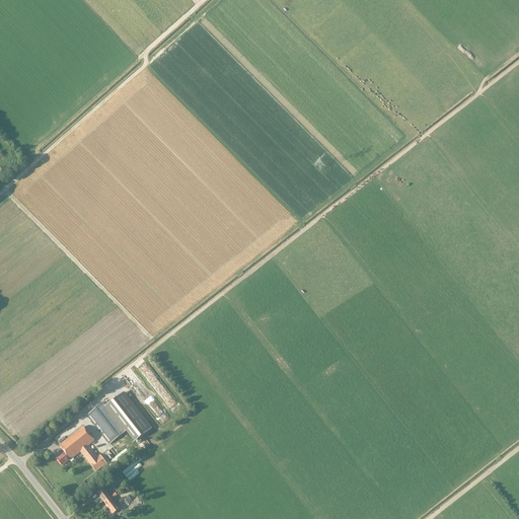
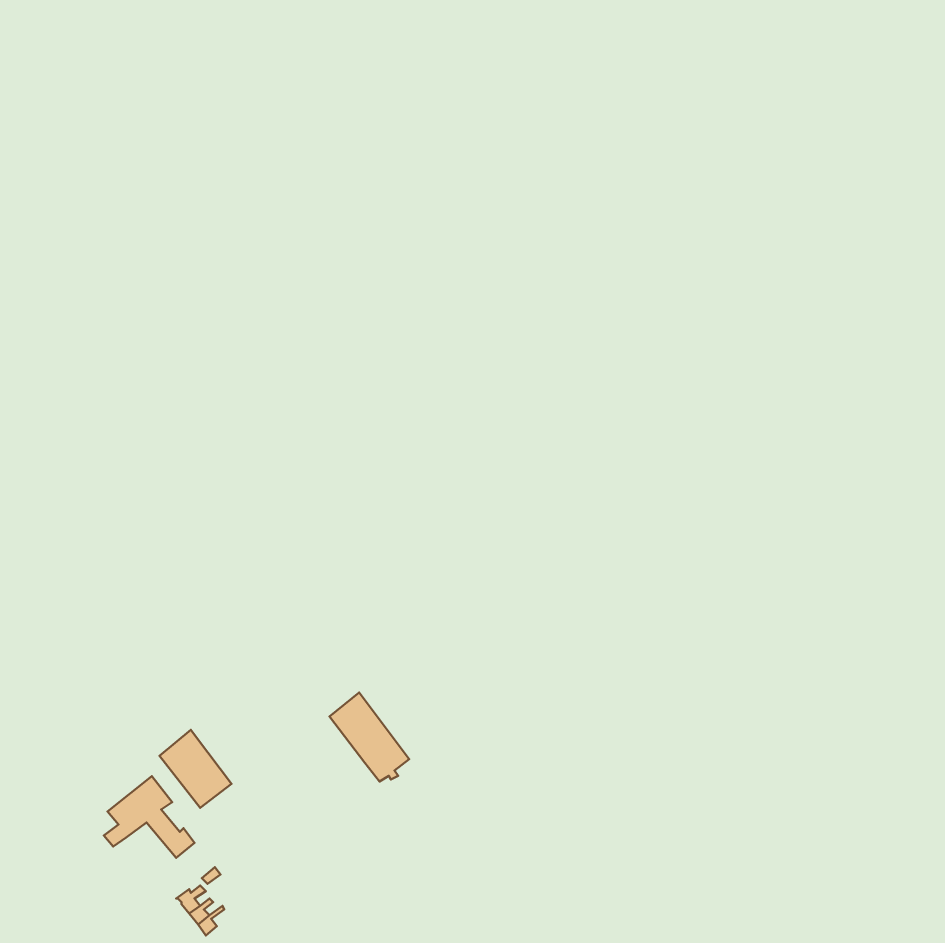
building: [108,390,152,439] -> [330,693,409,781]

